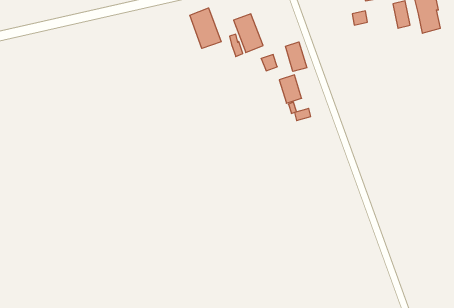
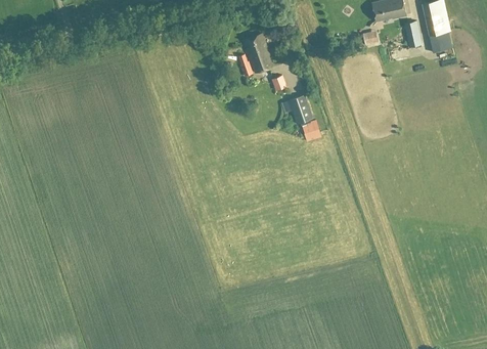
building: [190,8,221,48] -> none
building: [286,42,307,71] -> none

